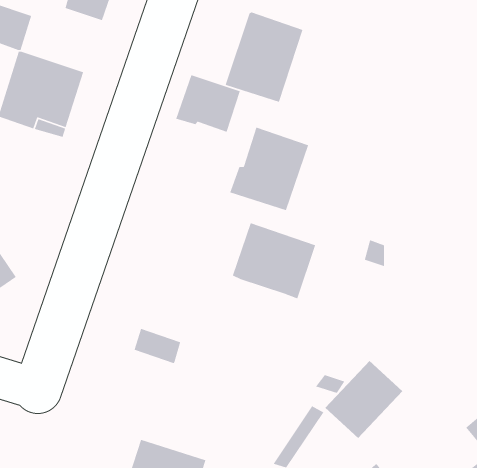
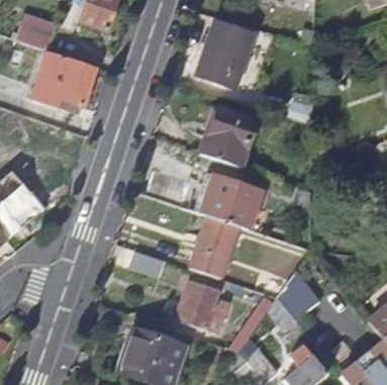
building: [175,74,241,133] -> none
building: none -> [189,214,237,277]
building: none -> [177,280,227,332]

